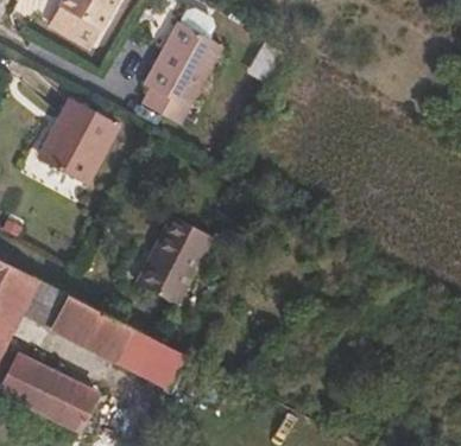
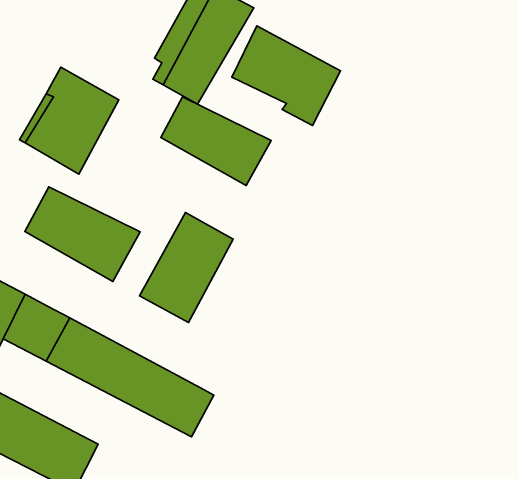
building: none -> [232,26,340,125]
building: none -> [161,97,271,186]
building: none -> [25,187,140,281]

